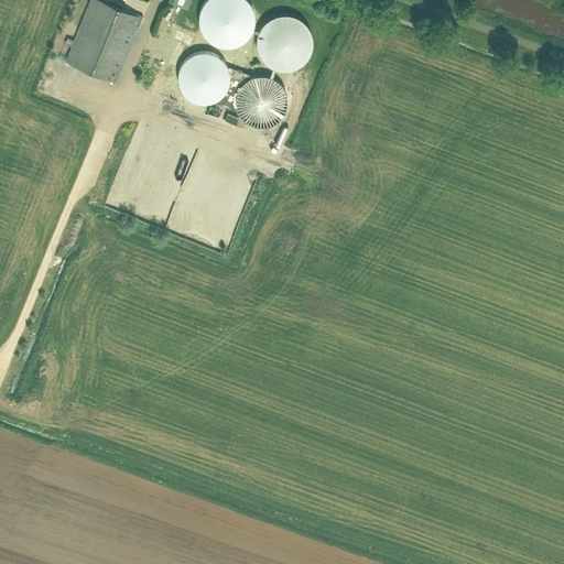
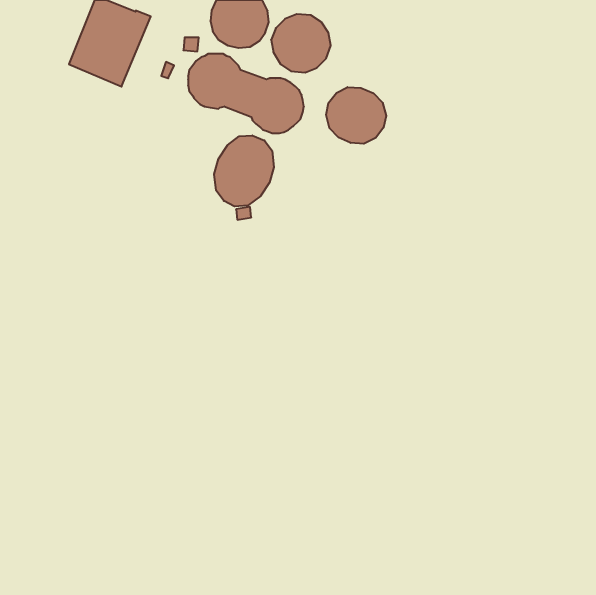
building: none -> [326,87,386,144]
building: none -> [214,135,274,206]

